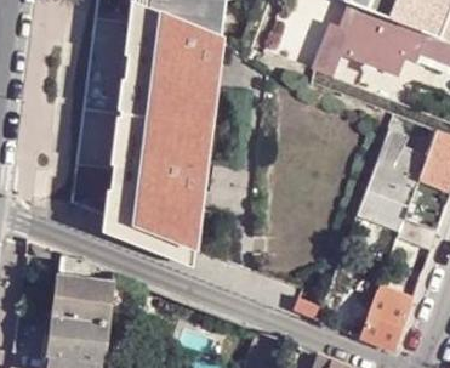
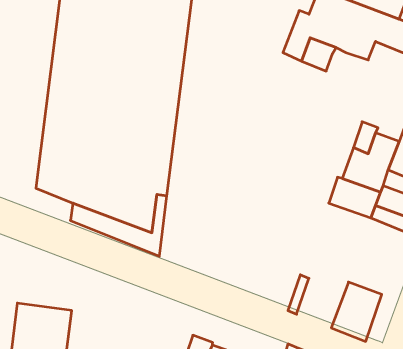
building: [53,250,113,321] -> none

